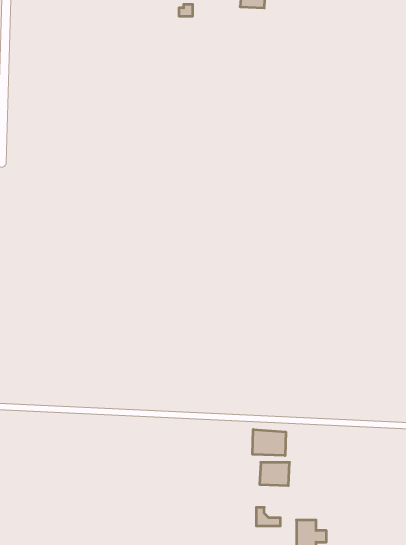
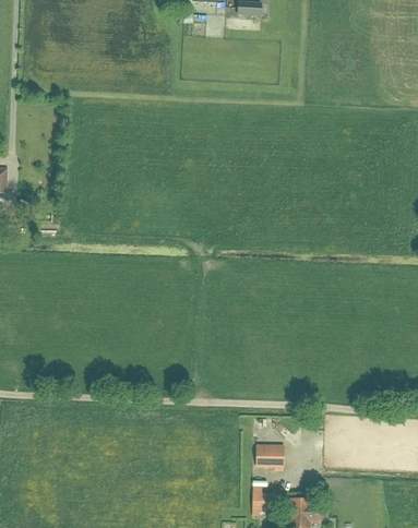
building: [253,429,286,456] -> none

